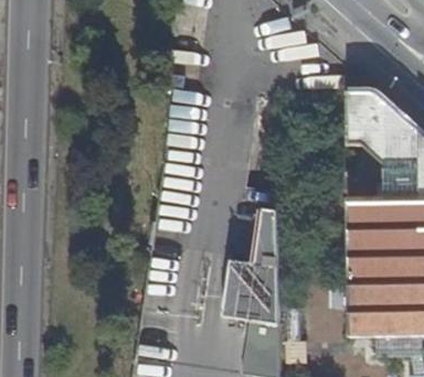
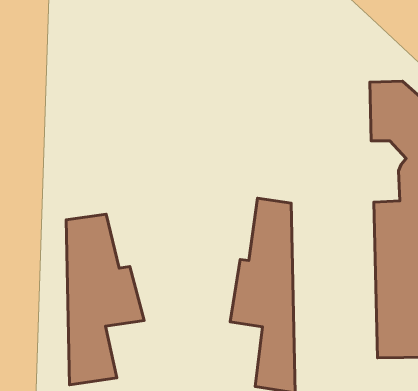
building: none -> [66,214,144,385]

